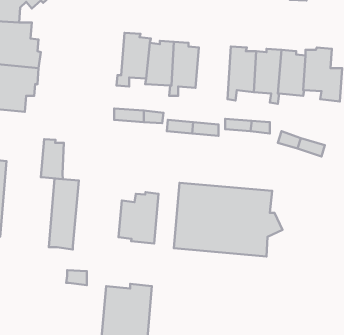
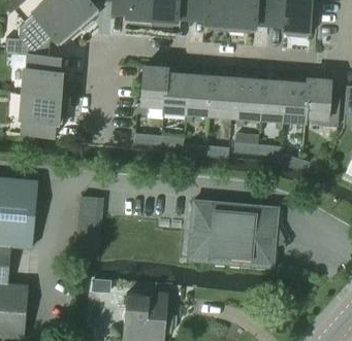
building: none -> [207,76,233,125]
building: [41,139,64,179] -> none
building: [119,192,159,243] -> none

